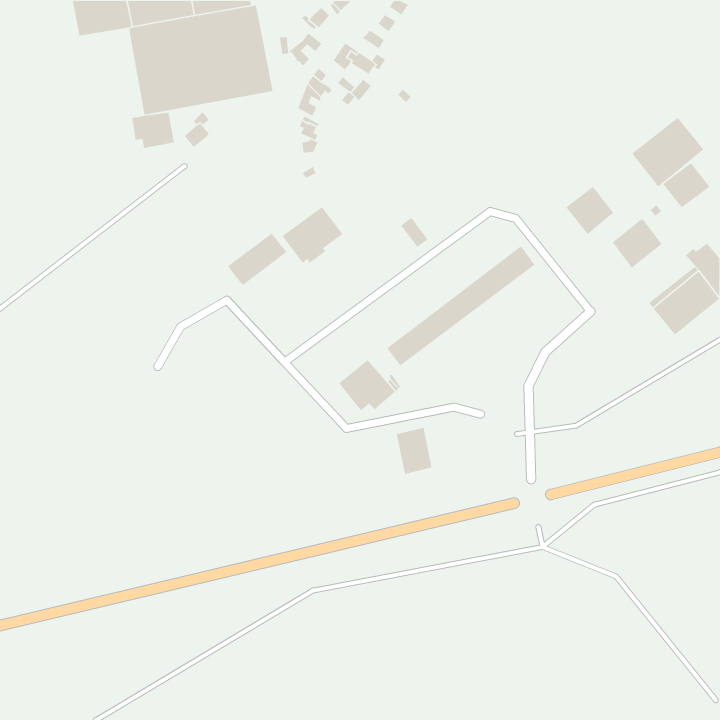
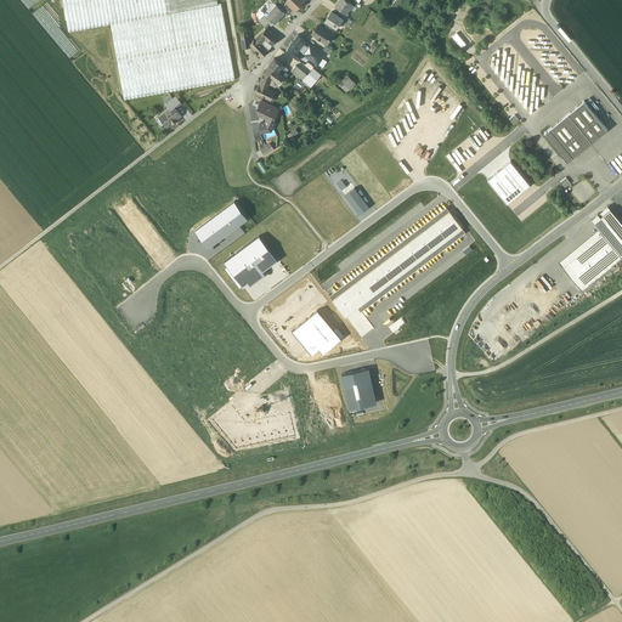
building: [132,112,175,149] -> none
building: [662,162,711,209] -> none
building: [281,206,343,264] -> [225,236,278,285]
building: [612,218,662,269] -> none

